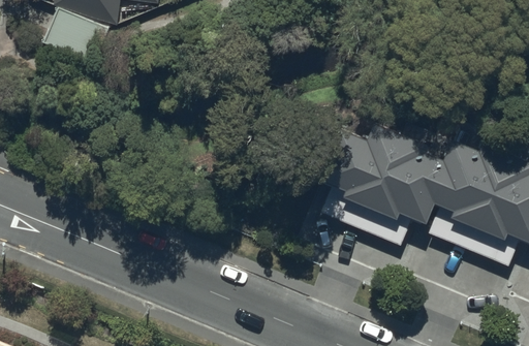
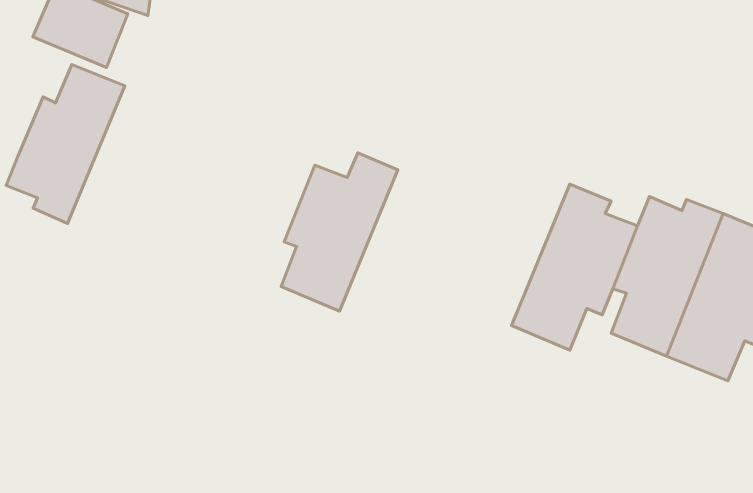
building: none -> [6,65,125,223]
building: [322,123,401,229] -> [281,153,398,311]

